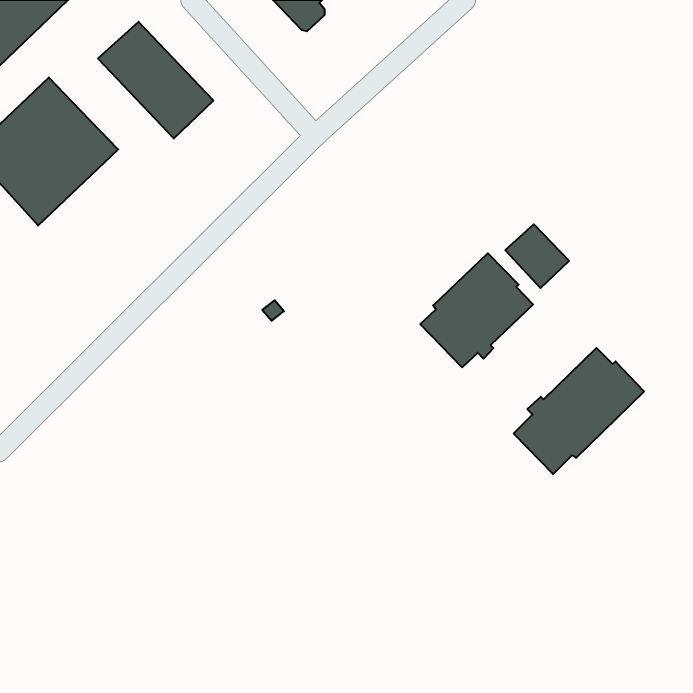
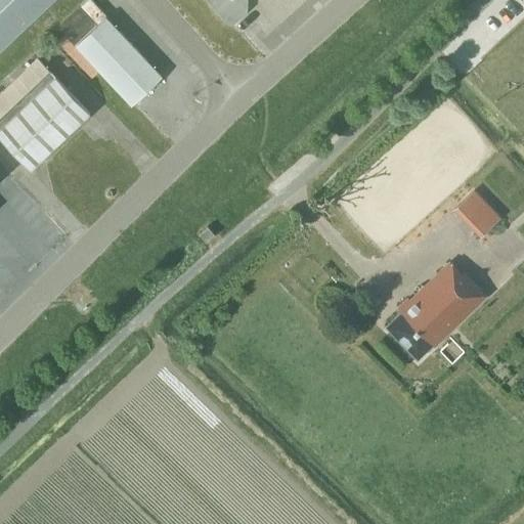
building: [505,224,569,288] -> [451,189,499,237]
building: [420,253,533,367] -> none

